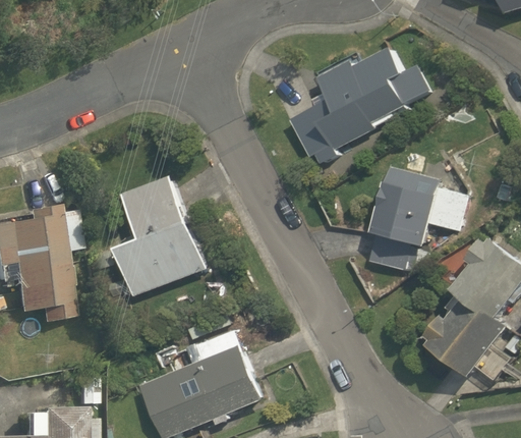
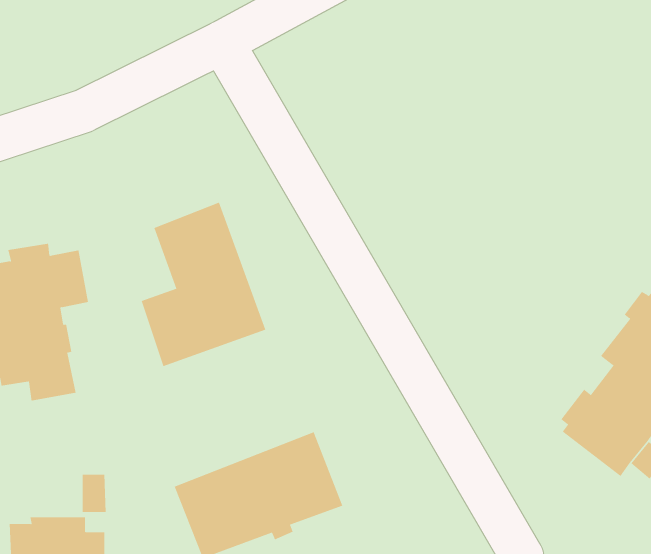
building: [286,46,428,164] -> none
building: [365,167,437,270] -> none

